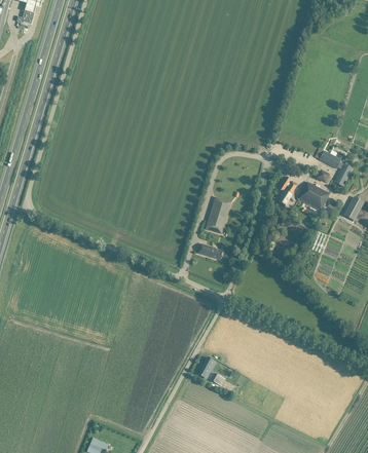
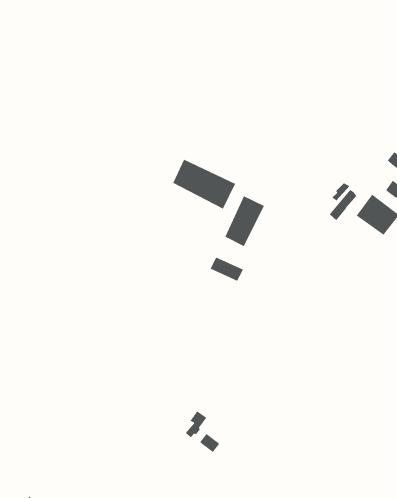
building: none -> [172,159,236,209]

